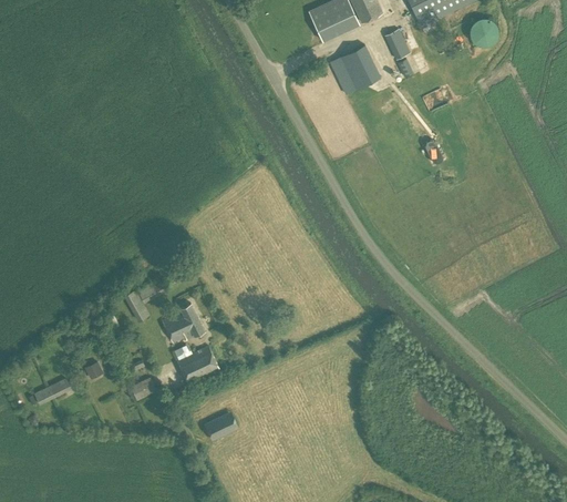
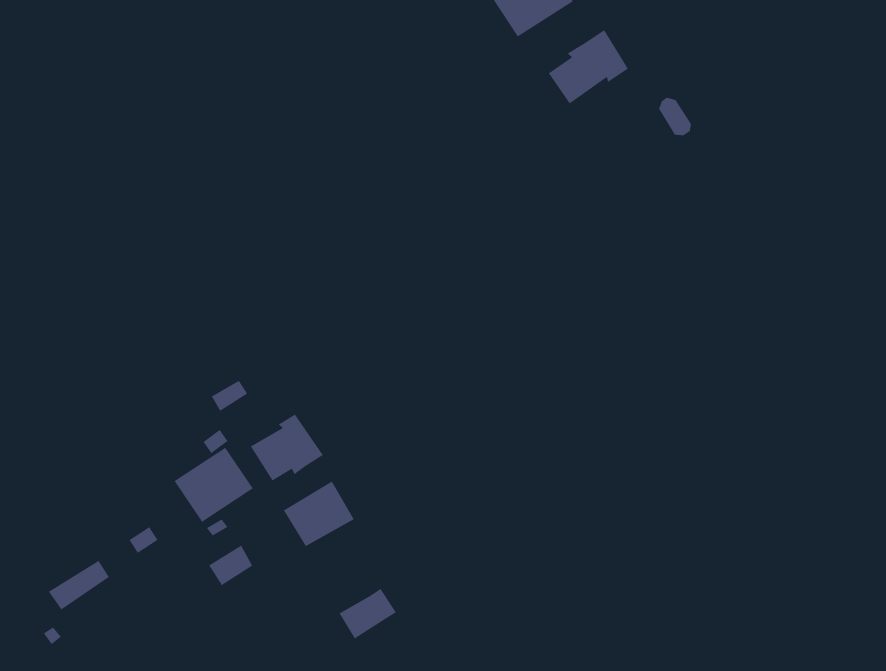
building: none -> [548,29,629,105]
building: none -> [174,447,254,523]

